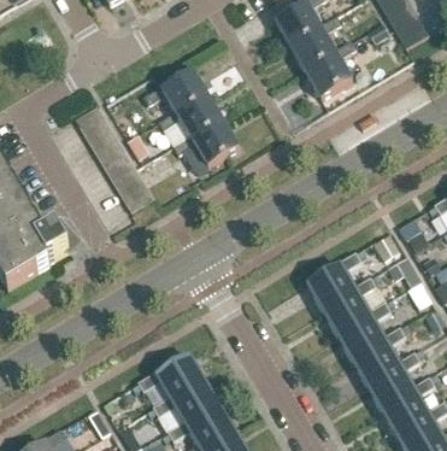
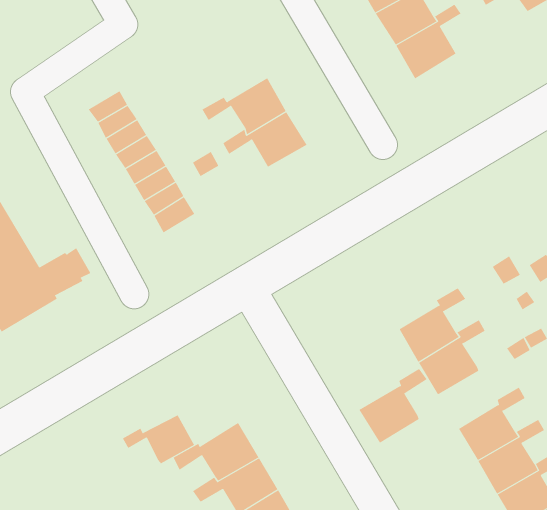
building: [147,71,211,115] -> none
building: [339,304,390,361] -> [359,368,427,443]
building: none -> [122,414,195,464]

